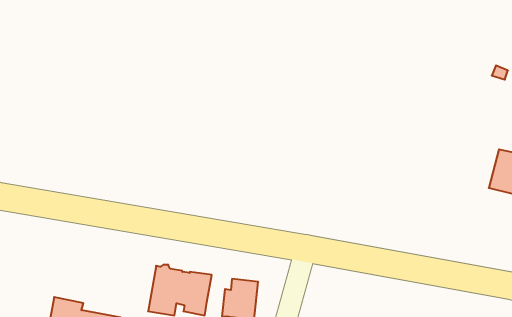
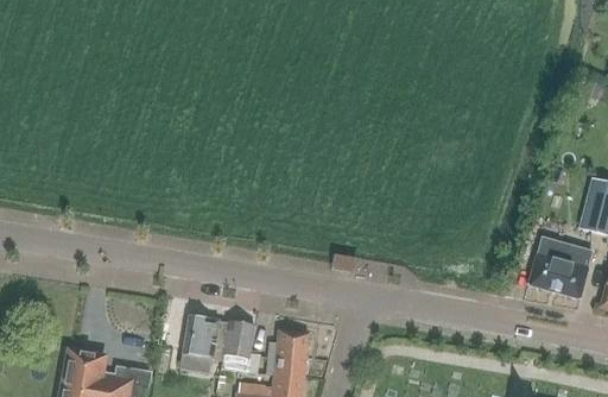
building: none -> [527,235,593,298]

